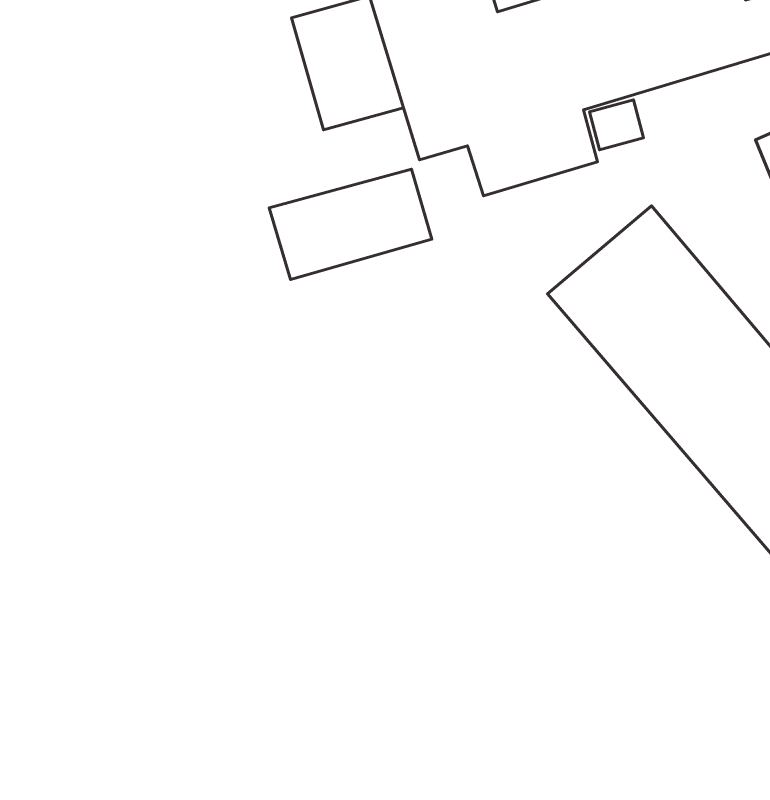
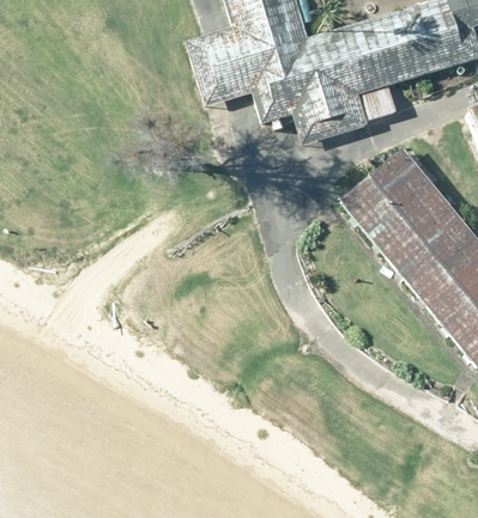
building: [269,169,432,280] -> none

